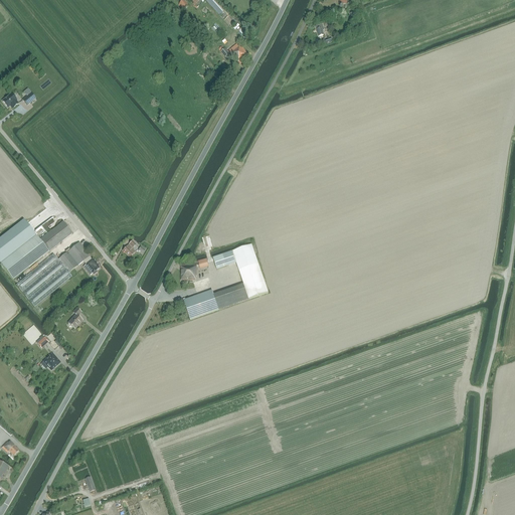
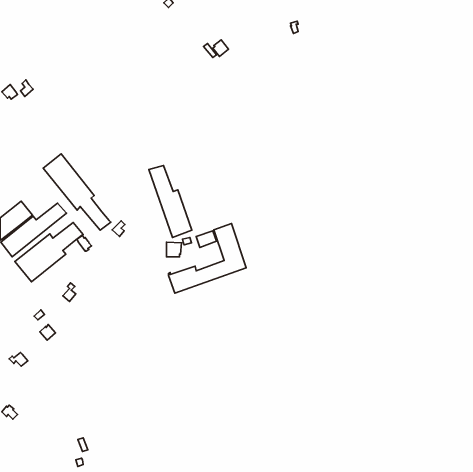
building: none -> [43,154,111,230]
building: none -> [149,165,192,237]

